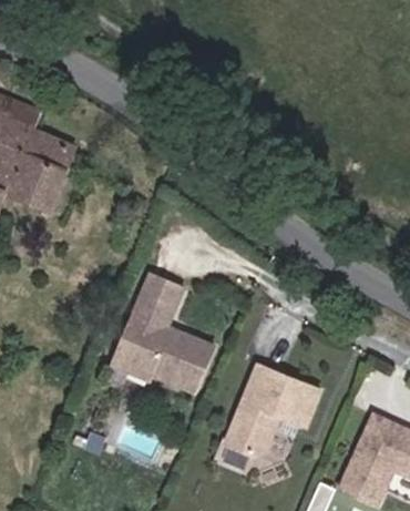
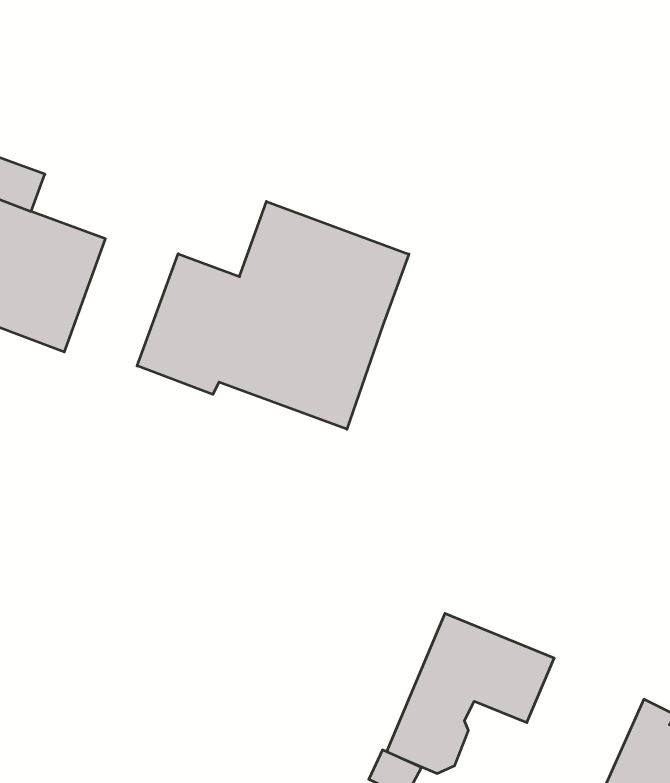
building: none -> [137,201,409,429]
building: [114,273,214,389] -> none

